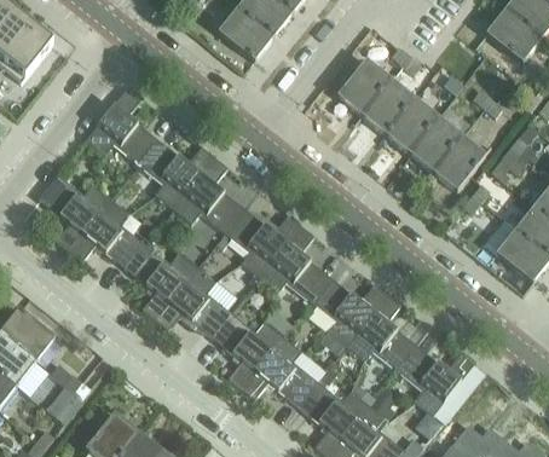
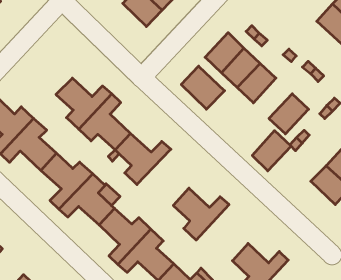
building: [86,87,158,163] -> none
building: none -> [181,66,225,109]
building: [409,116,461,172] -> [252,131,291,171]
building: [259,225,330,301] -> none
building: [346,294,417,370] -> none

